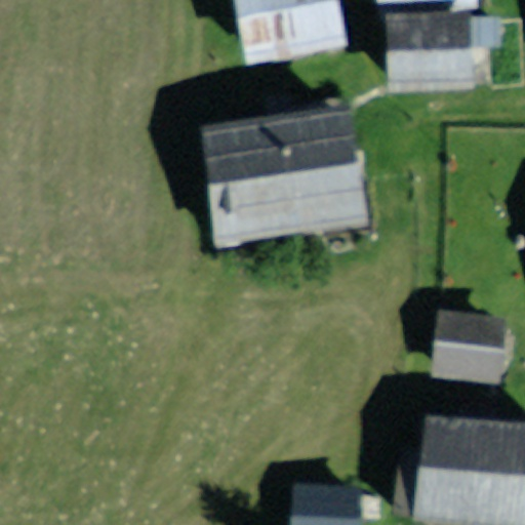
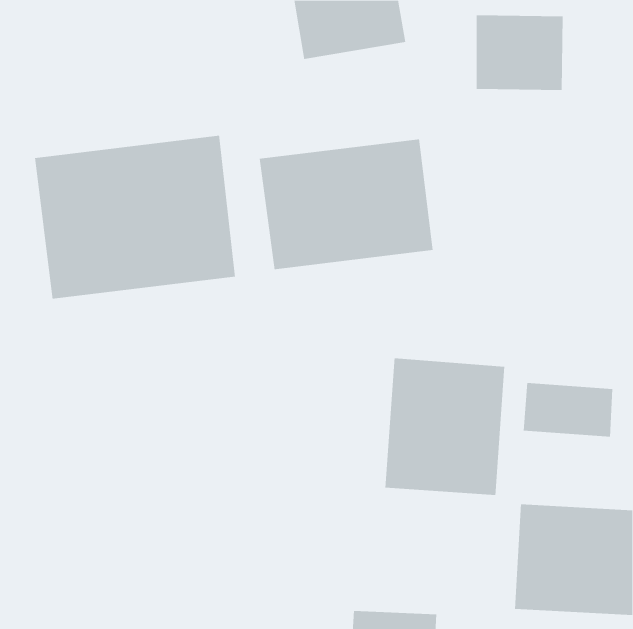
building: none -> [35,135,236,299]
building: none -> [385,357,505,496]

